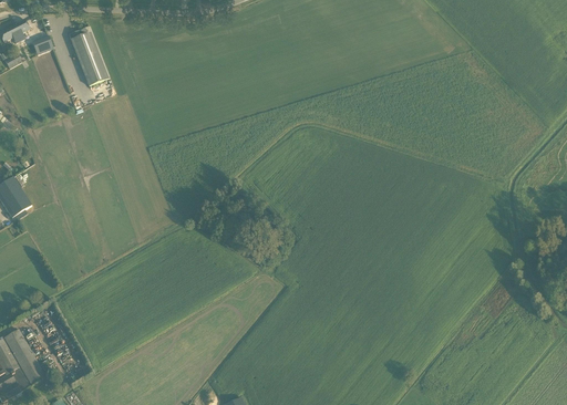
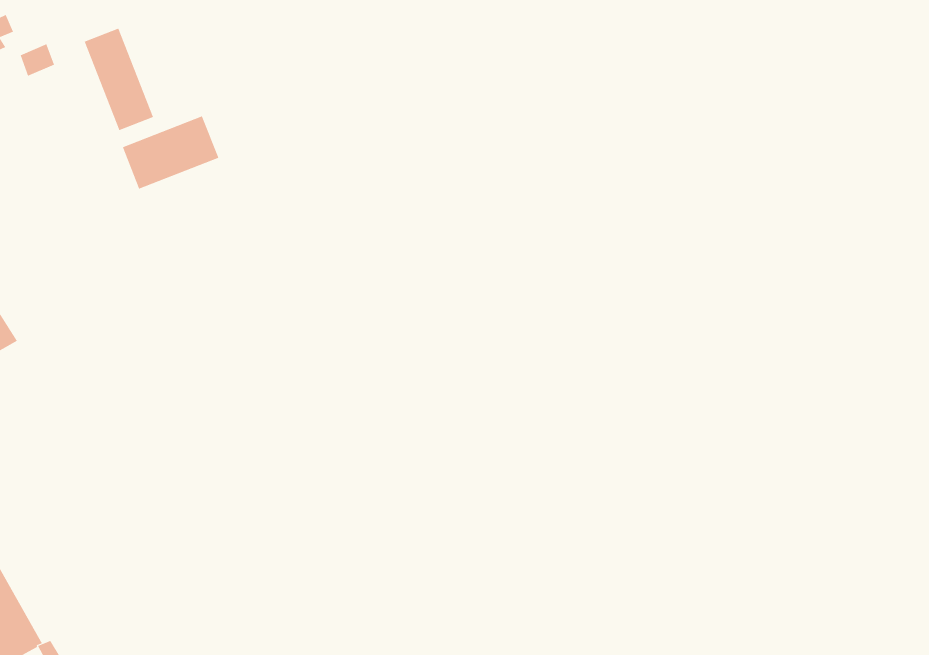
building: none -> [122,115,219,190]

